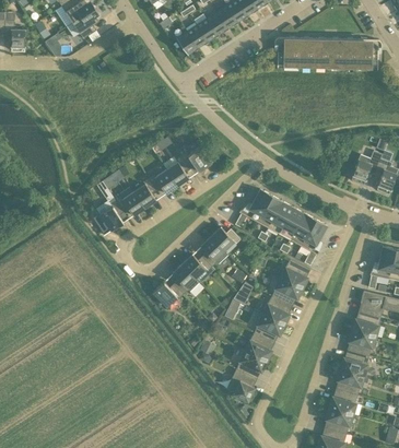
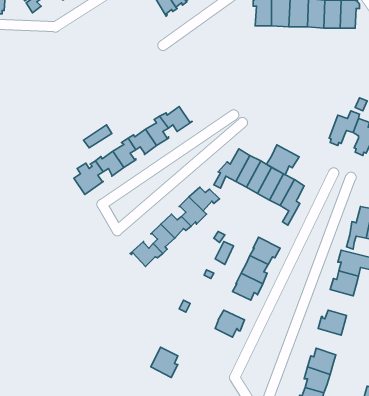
building: none -> [266,145,299,175]
building: [280,258,310,287] -> none
building: [349,329,375,355] -> none
building: [245,331,272,359] -> none
building: [226,368,254,399] -> [151,347,178,378]
building: [337,368,363,394] -> none

